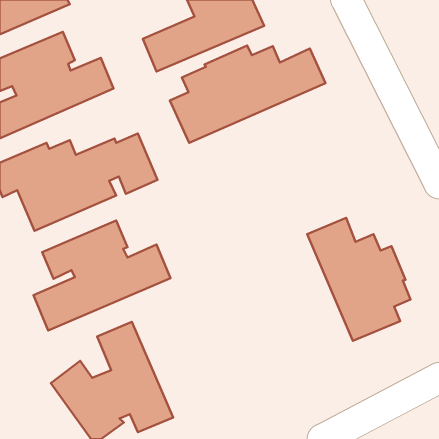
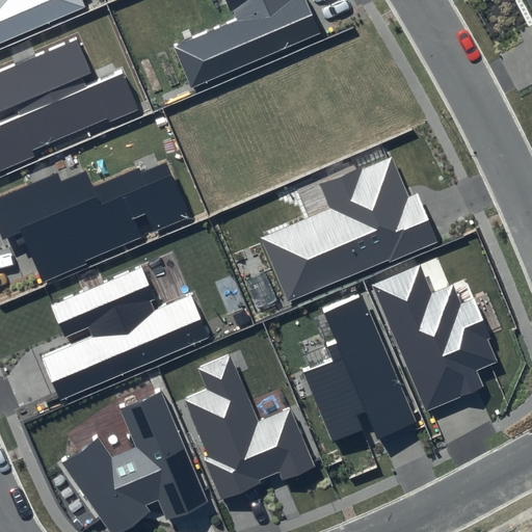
building: [170,46,325,143] -> none
building: none -> [259,155,436,303]
building: none -> [301,293,414,442]
building: none -> [182,353,315,499]

